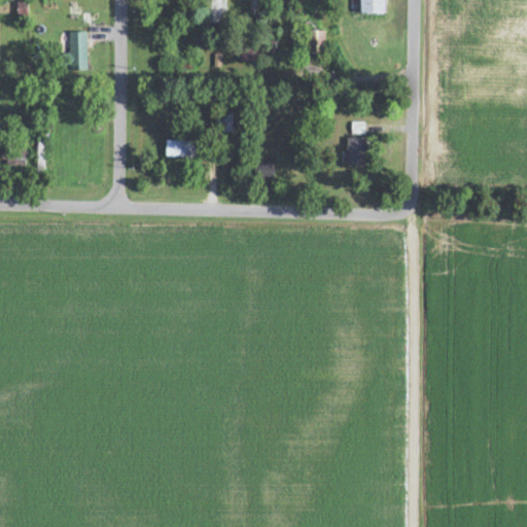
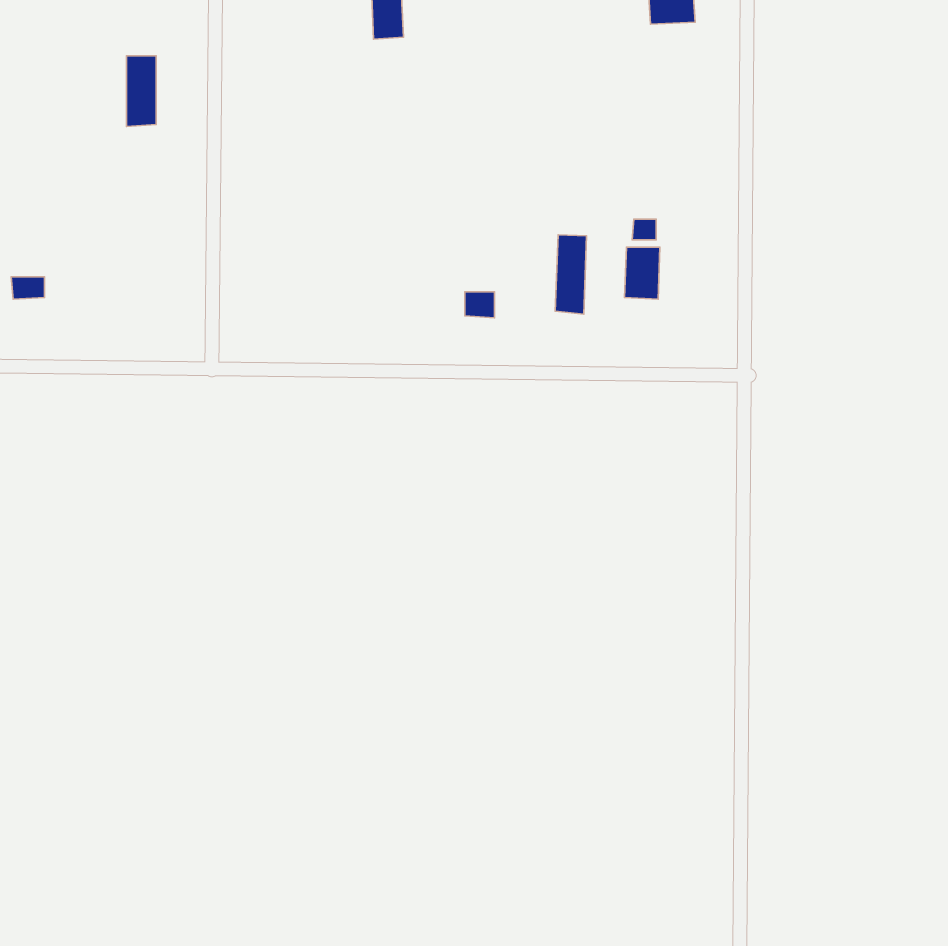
building: none -> [555,235,586,314]
building: [167,139,200,155] -> none

